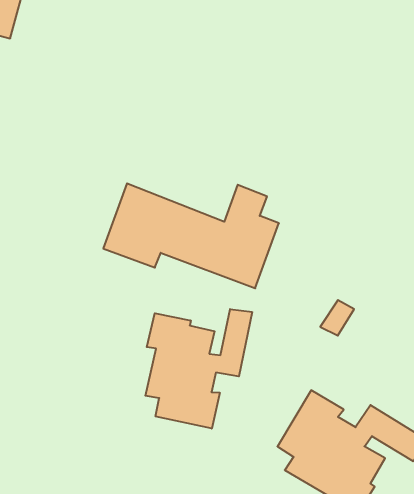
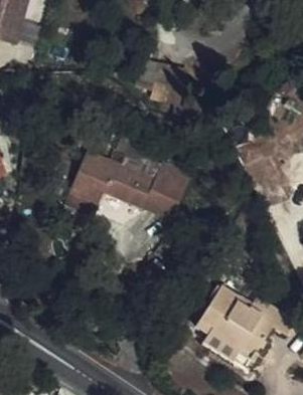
building: [145,309,252,429] -> none

